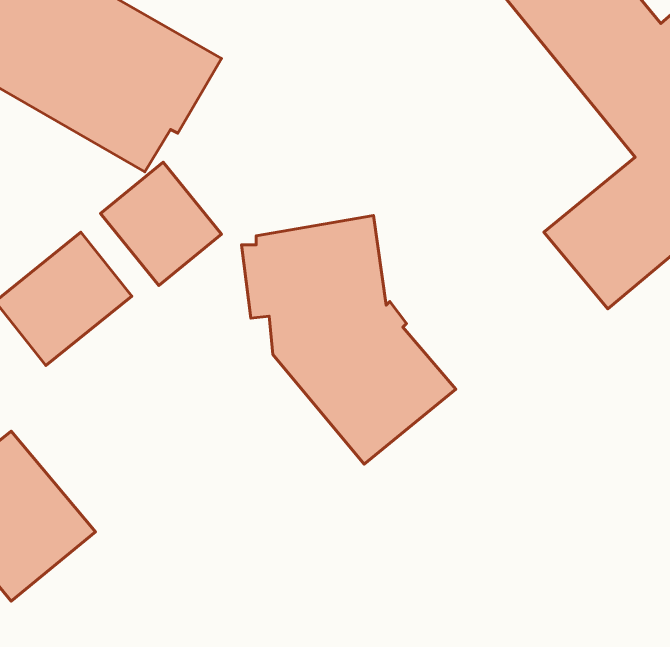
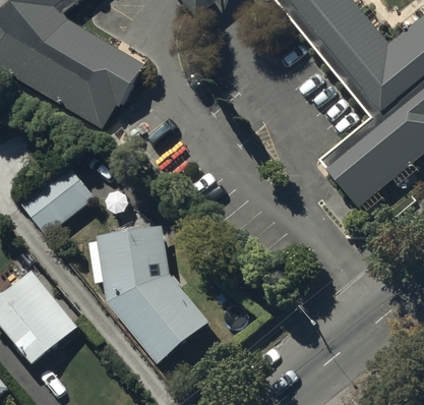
building: [100,162,221,285] -> none
building: [242,216,456,464] -> [90,225,209,363]

